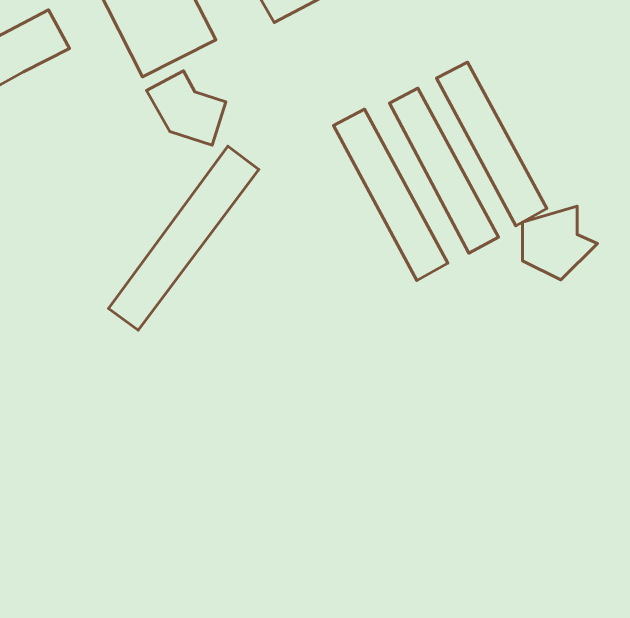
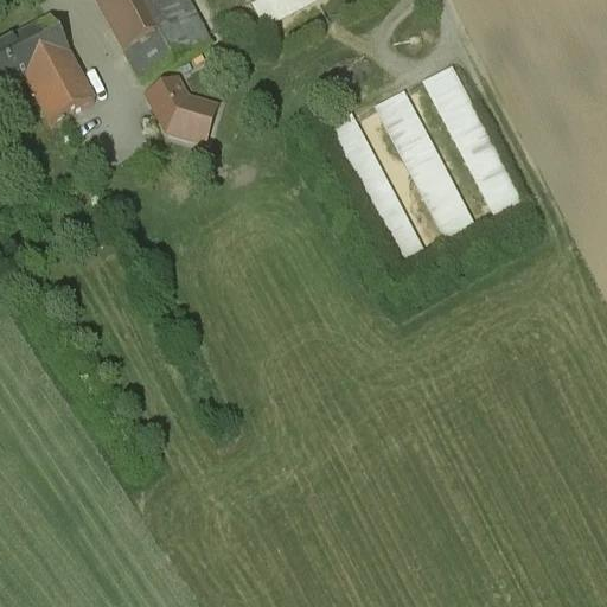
building: none -> [23,46,94,120]
building: [108,146,259,330] -> none
building: [522,206,597,280] -> none

